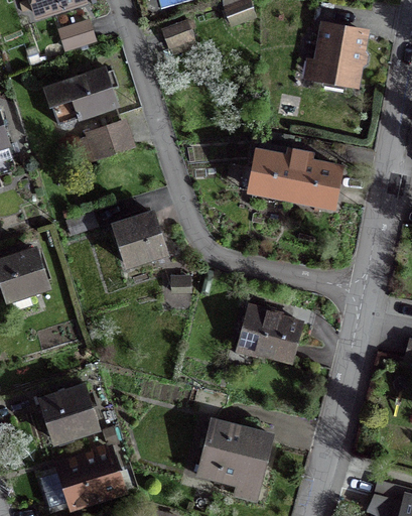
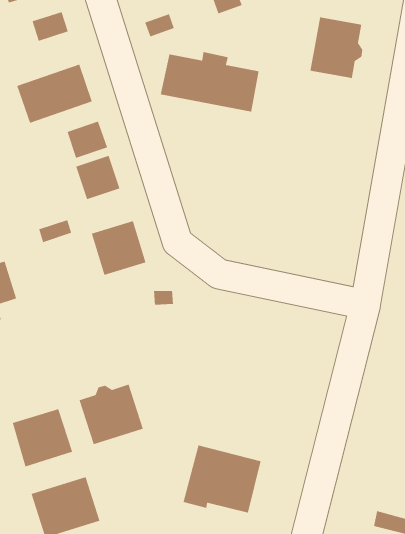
building: [249,149,340,206] -> [160,51,260,112]
building: none -> [75,155,121,200]
building: [238,305,301,361] -> none
building: none -> [79,384,144,445]

